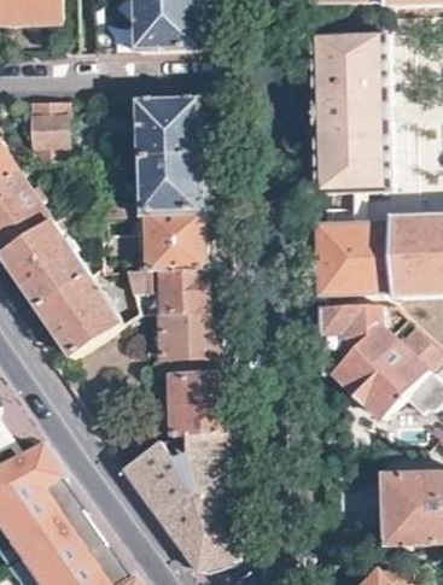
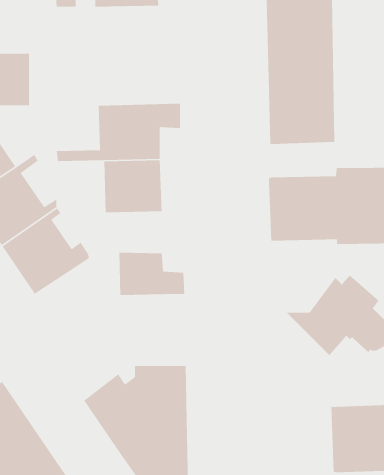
building: [133,95,223,152] -> none
building: [124,265,204,309] -> none
building: [319,309,403,372] -> none
building: [169,353,229,428] -> none

